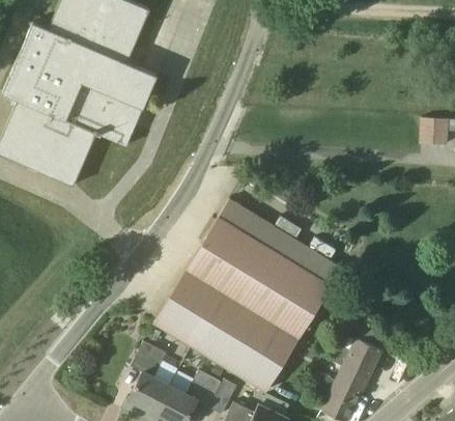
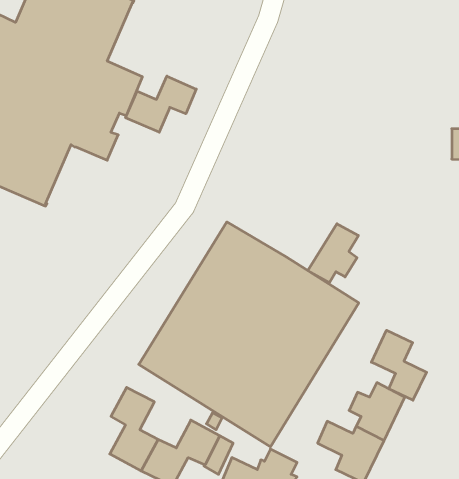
building: none -> [126,76,196,132]
building: none -> [308,224,358,282]
building: none -> [371,330,427,400]

